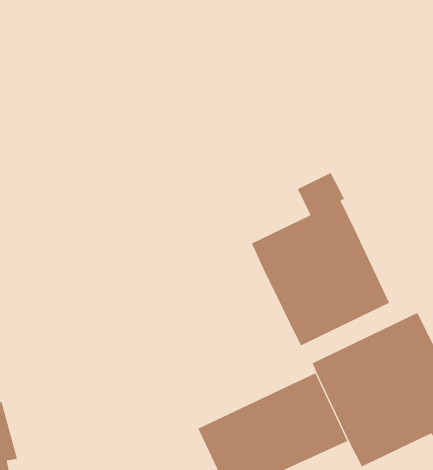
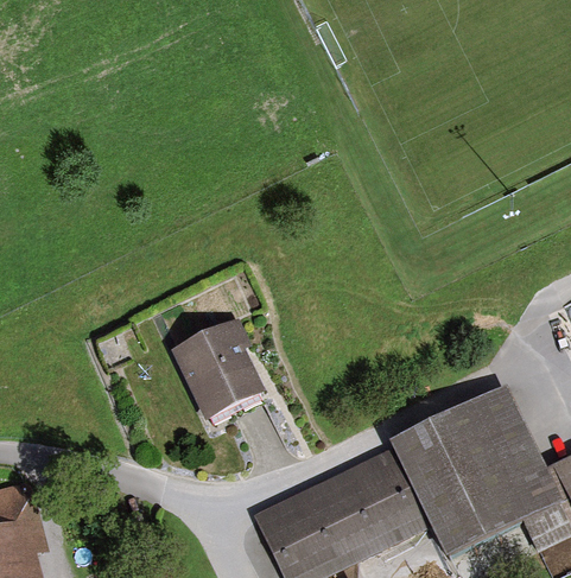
building: [251,172,390,346] -> none
building: none -> [170,317,267,421]

